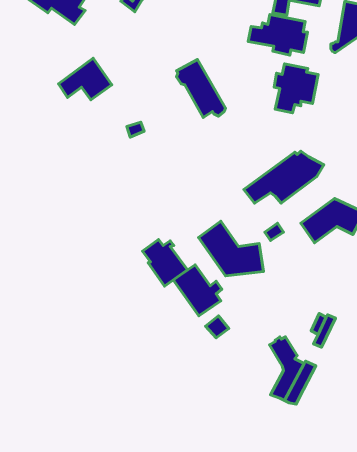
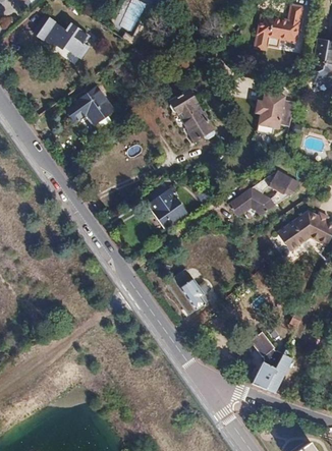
building: [248,15,308,55] -> none
building: [198,221,263,276] -> none
building: [142,240,188,286] -> [148,185,187,226]

